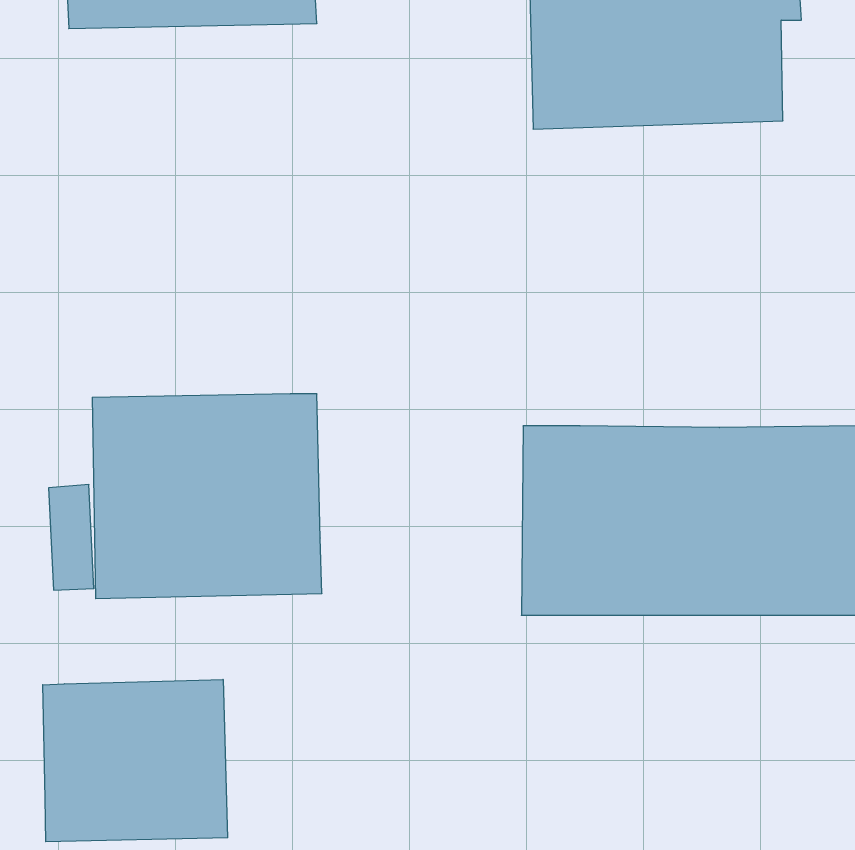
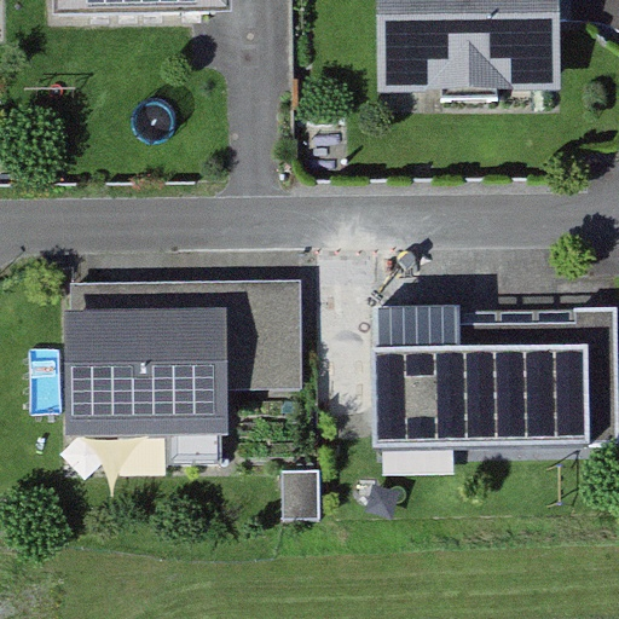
building: none -> [230,284,297,388]
building: [43,679,228,842] -> none

